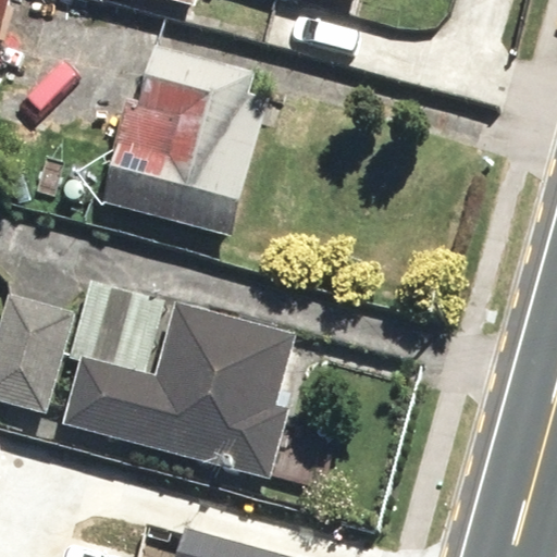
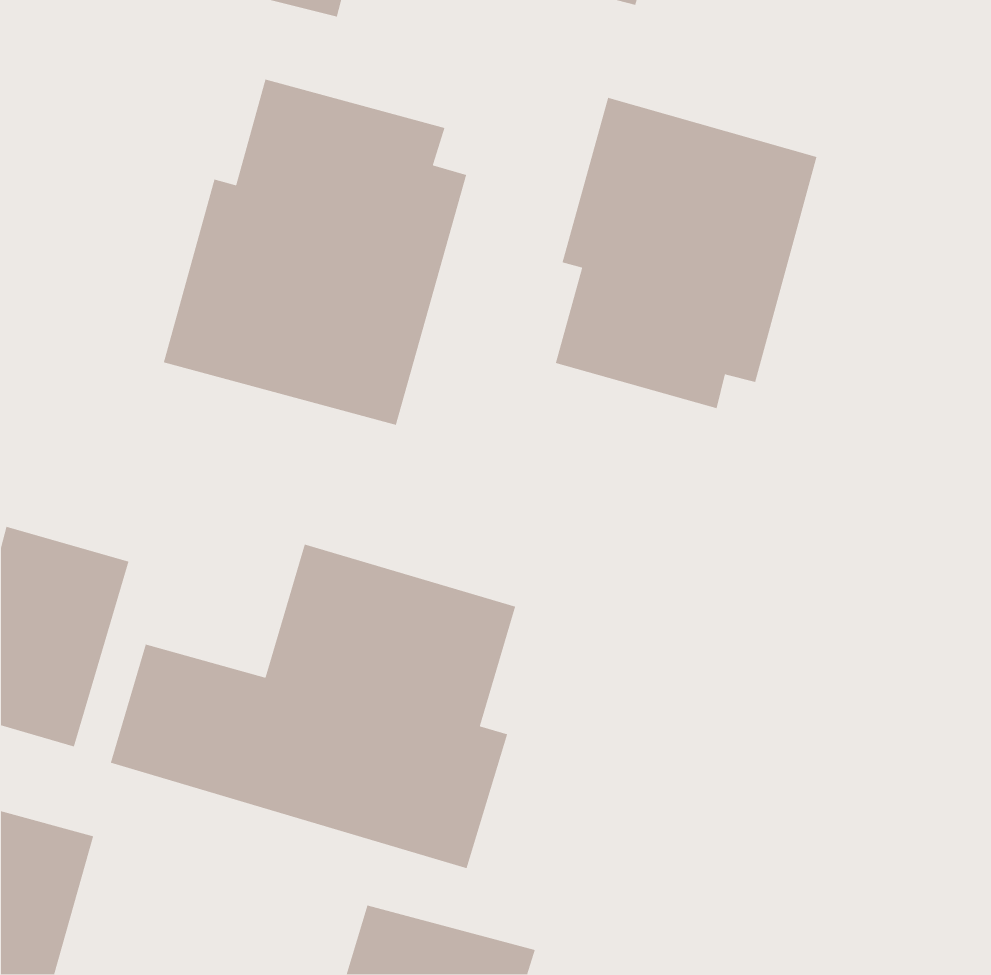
building: none -> [555,97,817,409]

